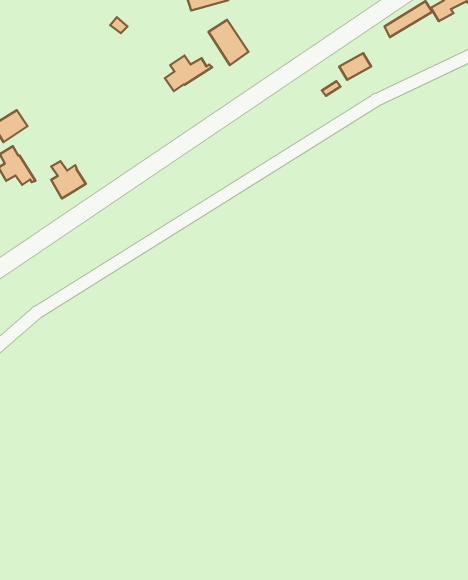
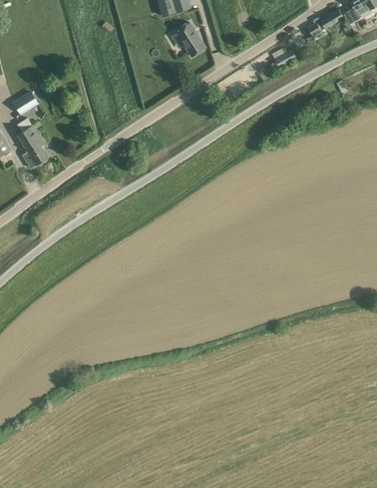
building: [165,56,212,91] -> none
building: [51,161,86,199] -> [22,139,48,167]

